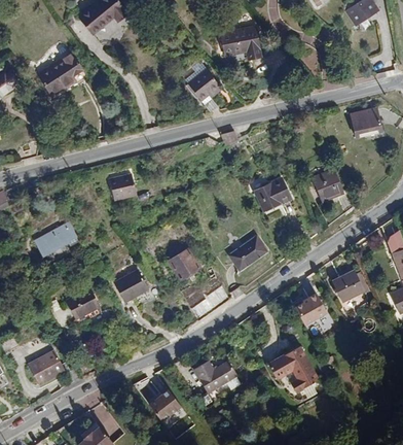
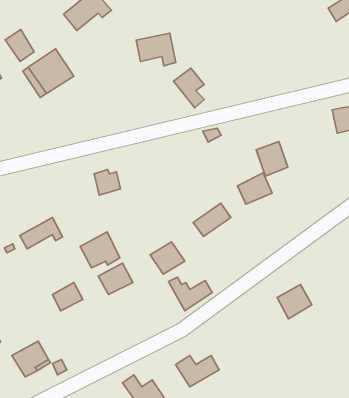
building: [221,27,261,60] -> [136,33,176,66]
building: none -> [5,29,34,61]
building: [312,167,343,202] -> [256,142,288,176]
building: [228,235,266,269] -> [193,203,231,237]
building: none -> [80,232,120,268]
building: [331,272,363,303] -> none
building: [267,350,318,397] -> none

